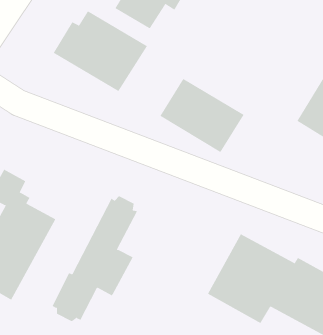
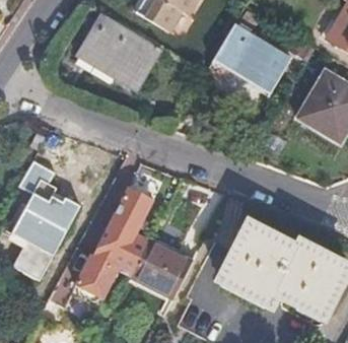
building: [160,78,244,153] -> [215,25,292,93]
building: none -> [131,242,191,298]

